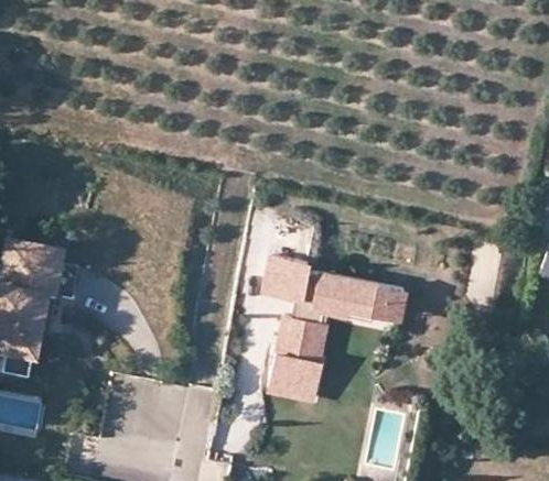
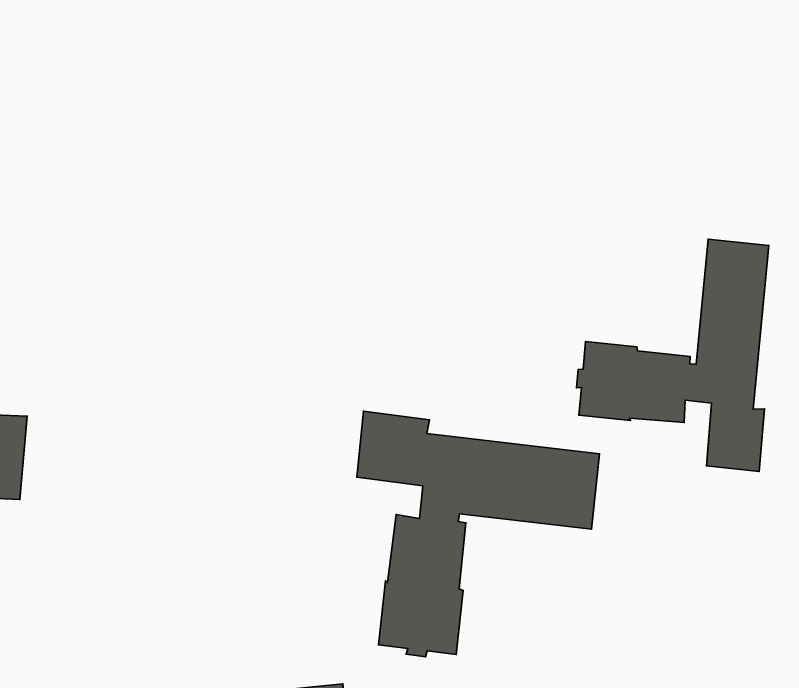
building: none -> [577,239,769,472]

